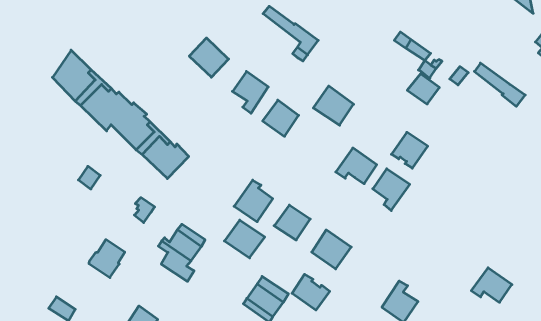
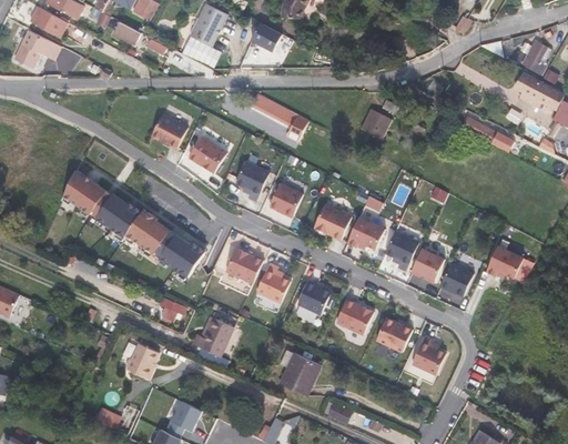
building: none -> [151,113,186,148]
building: [407,74,439,104] -> [361,110,390,138]
building: [313,86,354,125] -> [313,203,351,239]
building: [391,132,428,168] -> [410,249,444,282]
building: none -> [439,263,473,295]
building: [224,220,265,258] -> [225,248,263,282]
building: [471,268,512,302] -> [485,246,523,278]
building: [292,274,330,310] -> [376,317,412,350]

